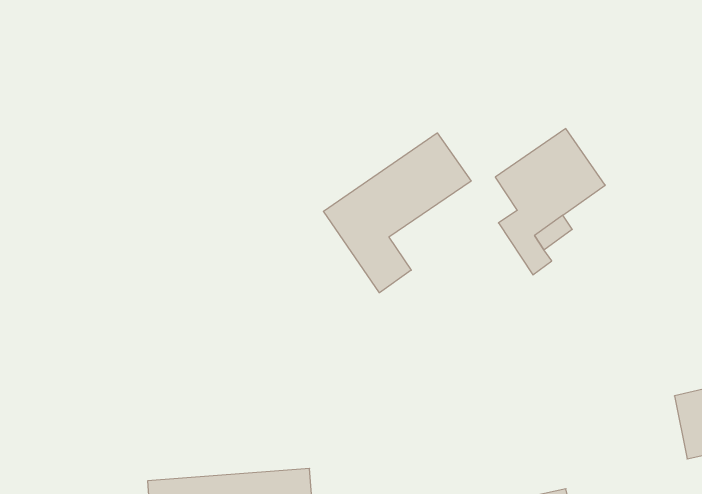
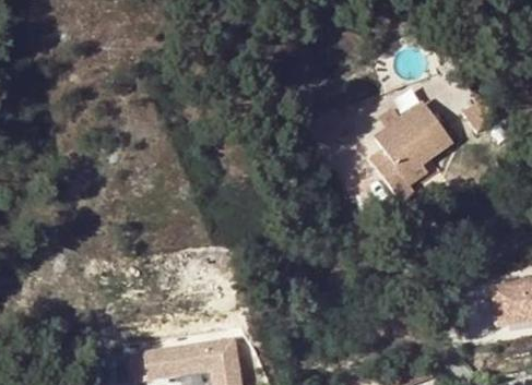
building: [323,133,471,293] -> none

